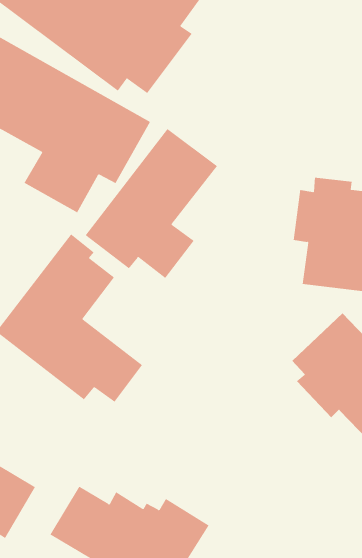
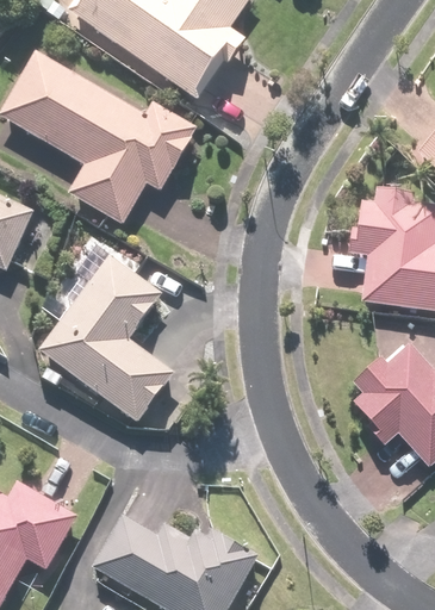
building: [85,128,218,279] -> none

